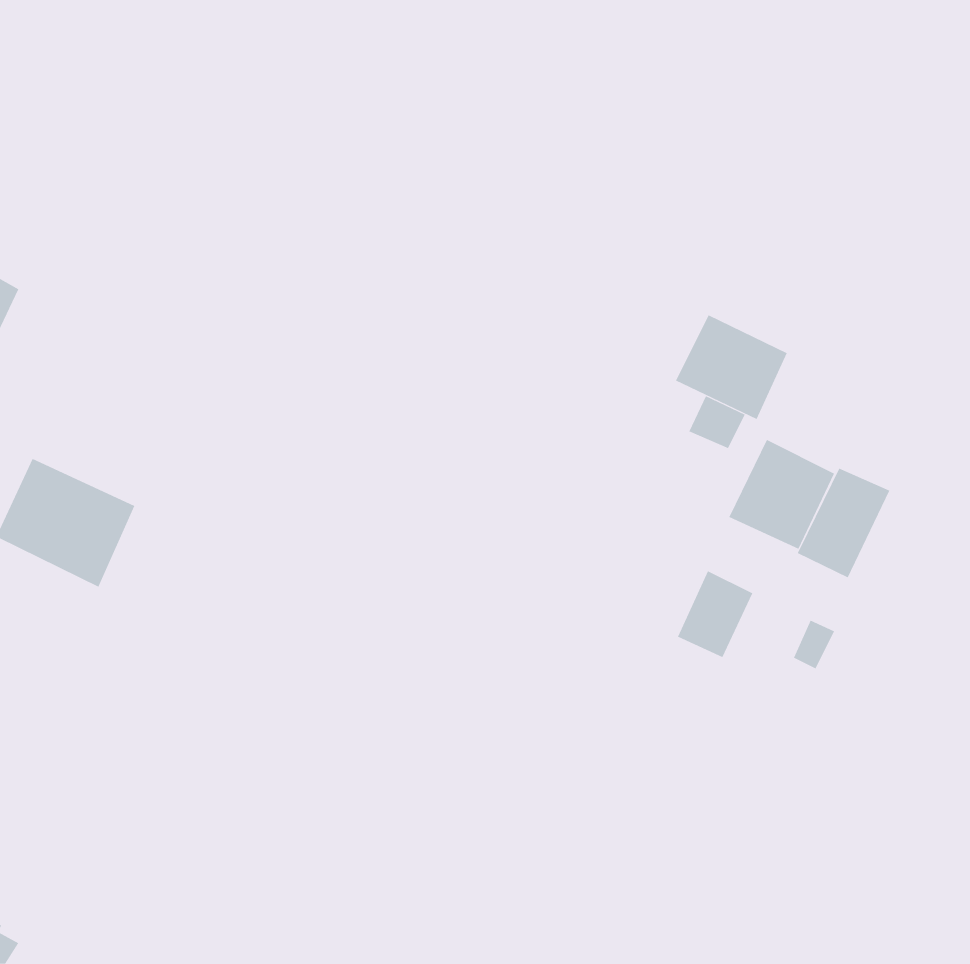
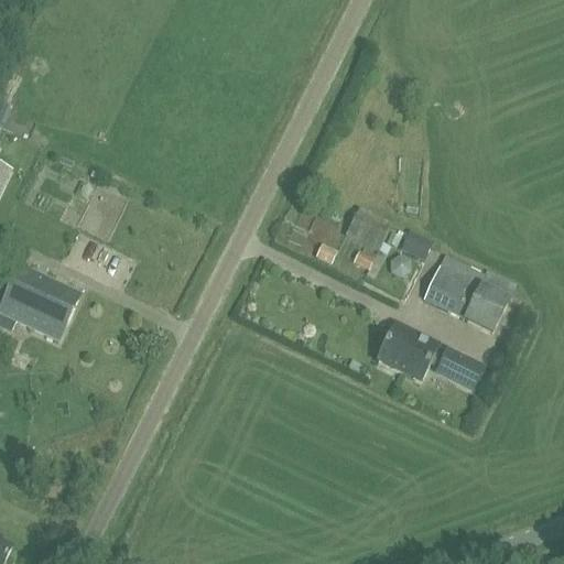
building: [675,315,787,420] -> none
building: none -> [375,328,410,369]
building: none -> [434,347,469,381]

